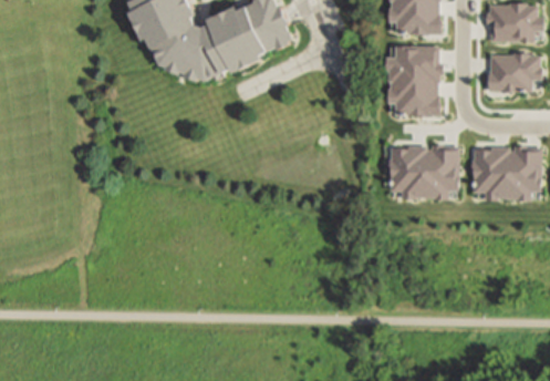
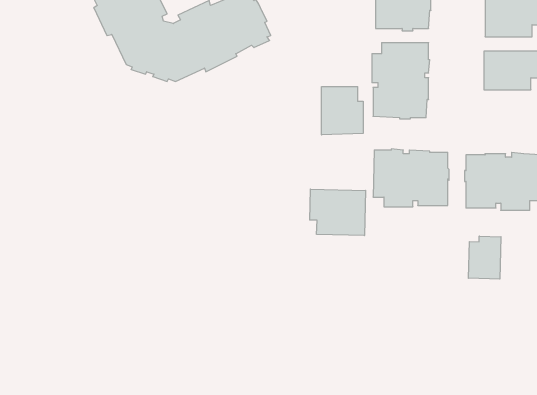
building: none -> [322,87,363,135]
building: none -> [310,189,366,236]
building: none -> [468,236,501,279]

